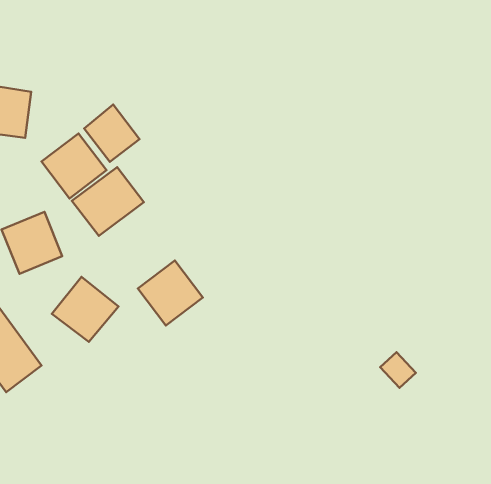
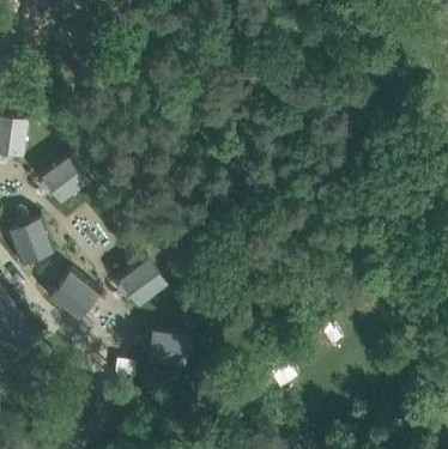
building: [84,105,140,162] -> none
building: [72,167,144,236] -> none
building: none -> [146,327,189,370]

